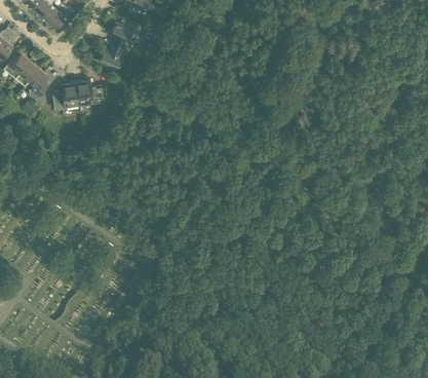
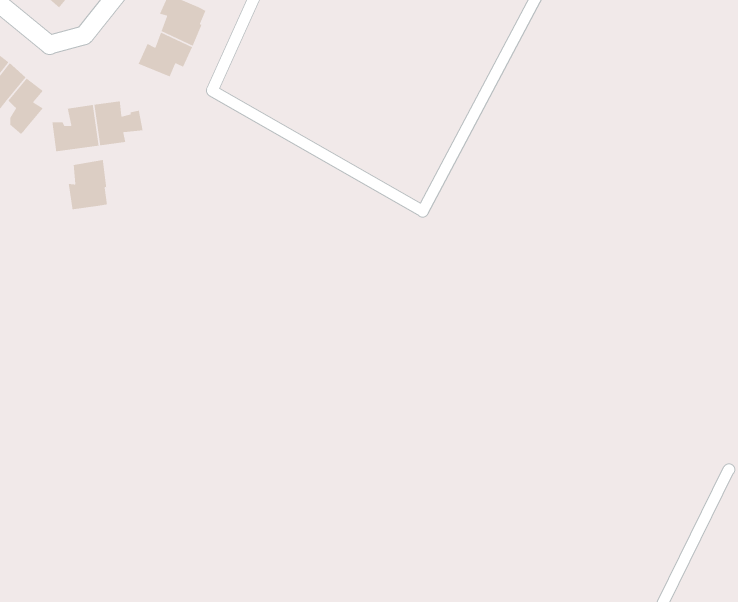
building: none -> [68,159,108,210]

